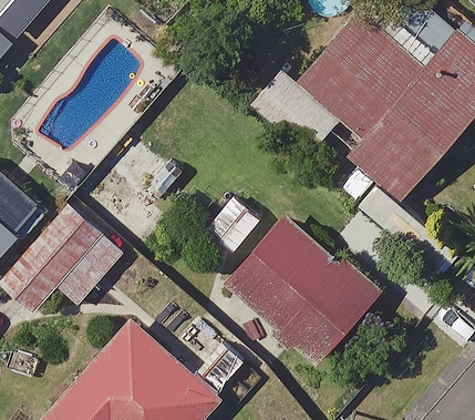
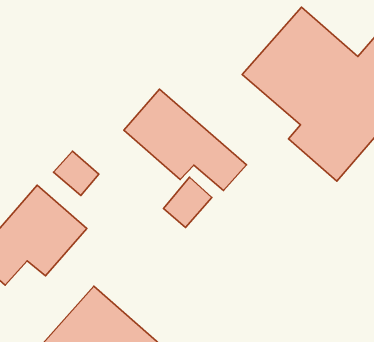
building: none -> [124,89,246,191]
building: [226,214,386,367] -> none

